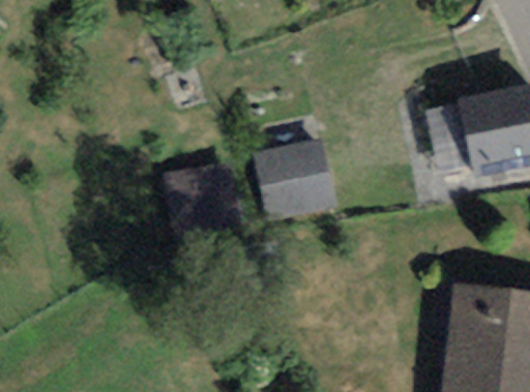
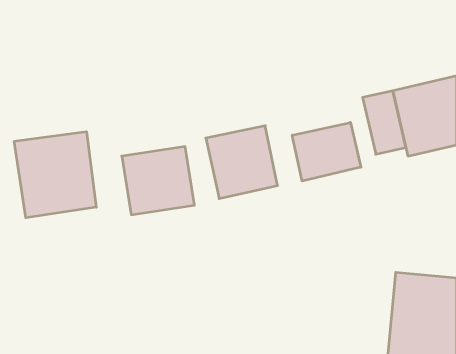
building: none -> [292,122,361,181]
building: none -> [14,132,96,218]

